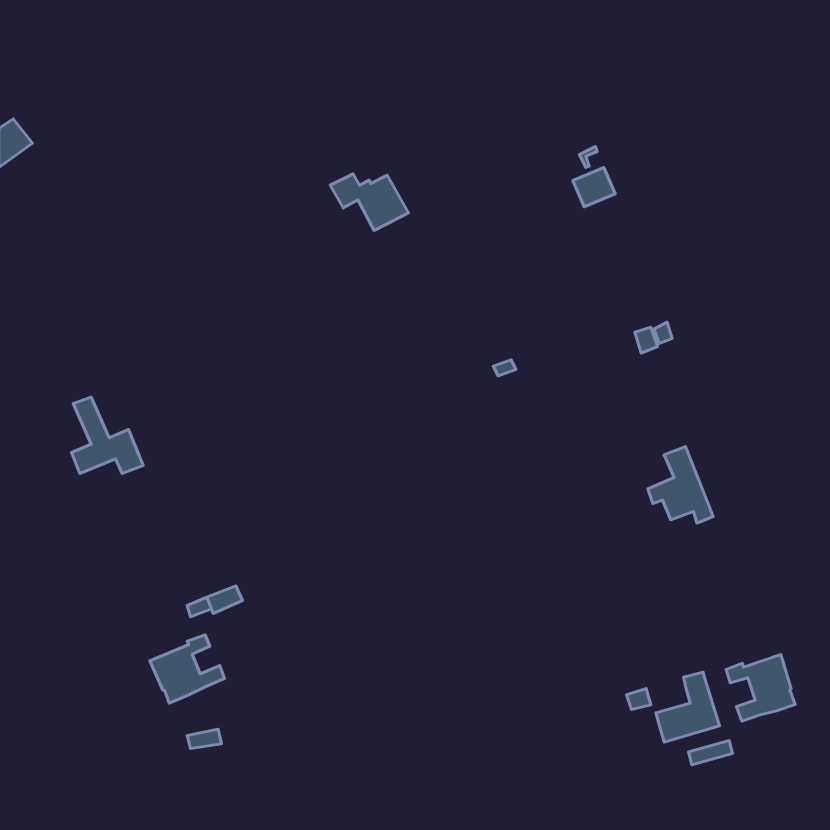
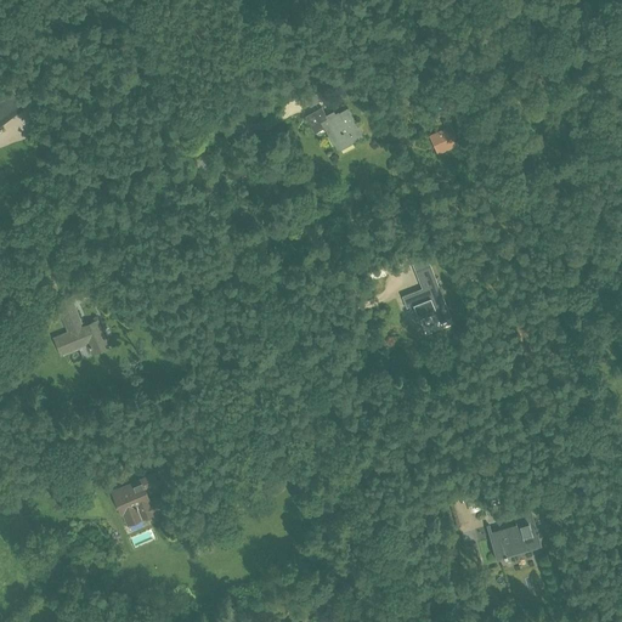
building: [330,174,408,231] -> [304,108,362,151]
building: [648,447,713,523] -> [401,266,449,323]
building: [726,655,795,721] -> none

